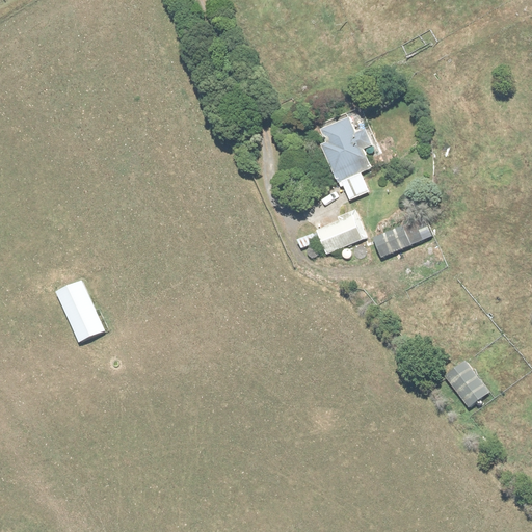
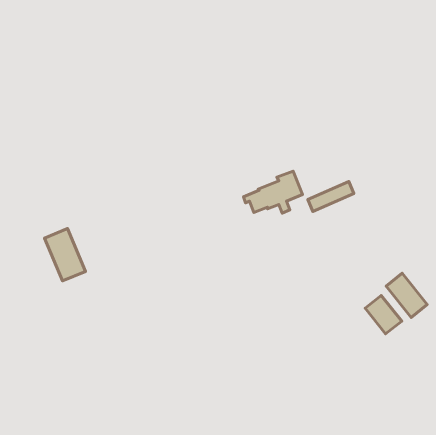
building: [319,115,373,200] -> none
building: none -> [386,273,427,317]

